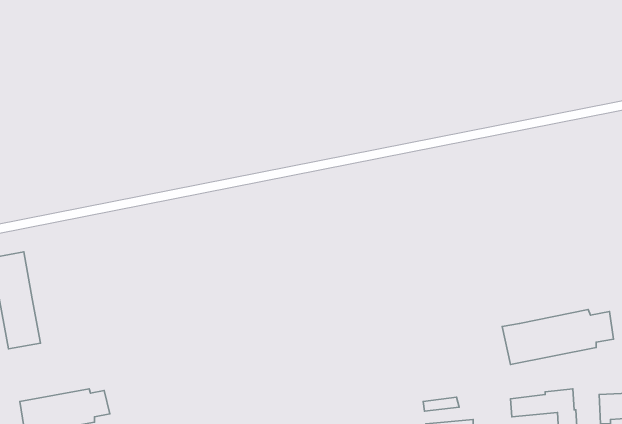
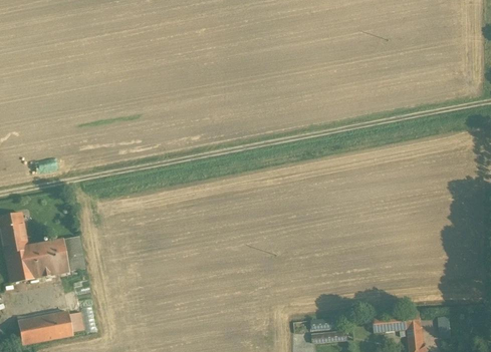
building: none -> [27,236,84,278]
building: [502,309,613,365] -> none

